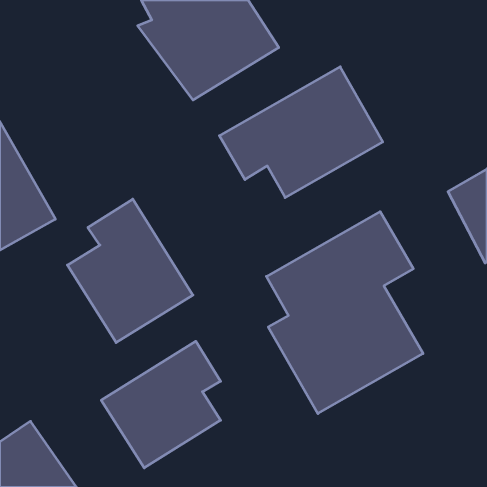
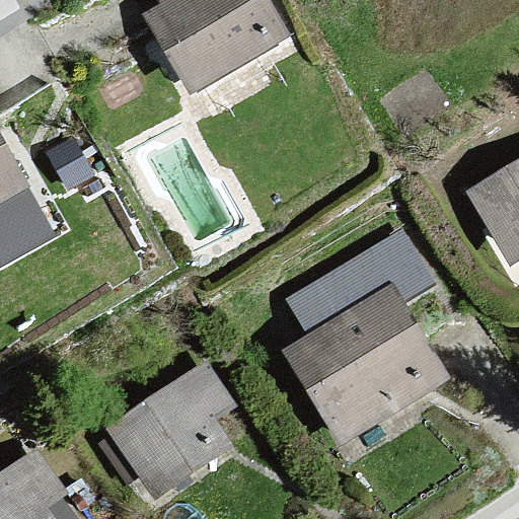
building: [219,67,383,198] -> none
building: [67,199,193,343] -> none

